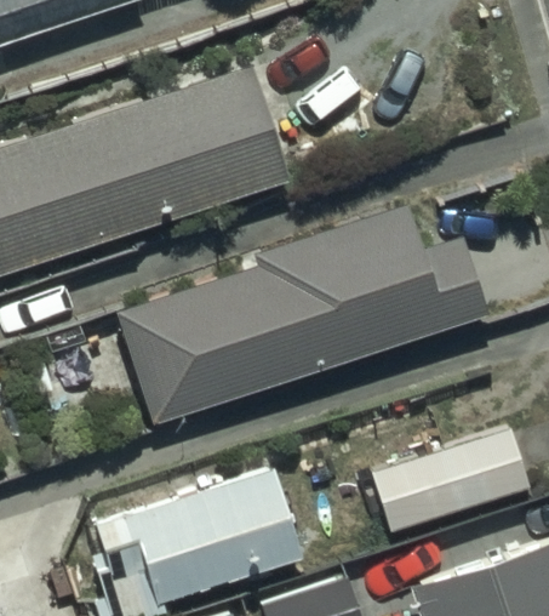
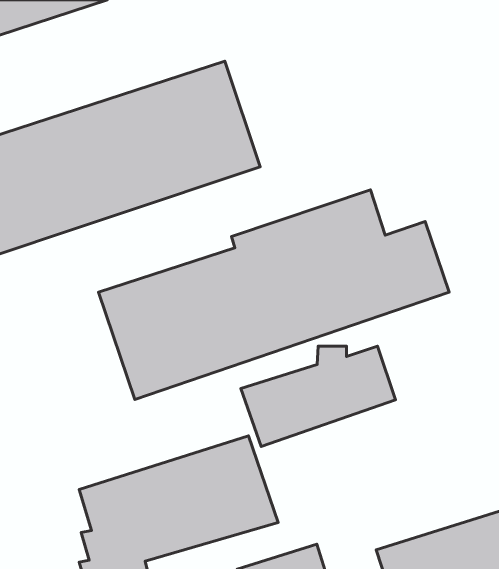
building: [370,428,534,535] -> [241,346,396,447]

